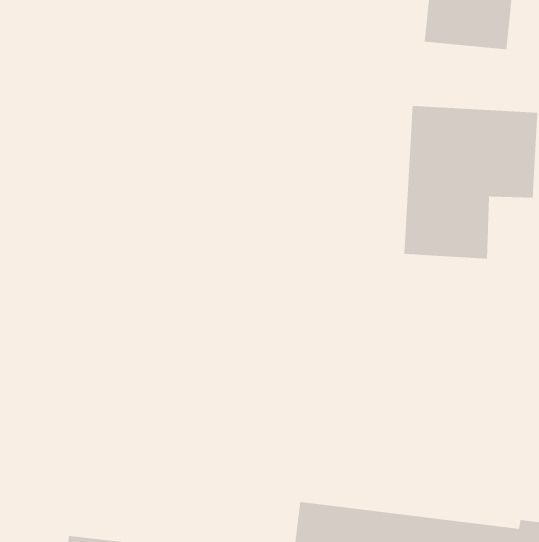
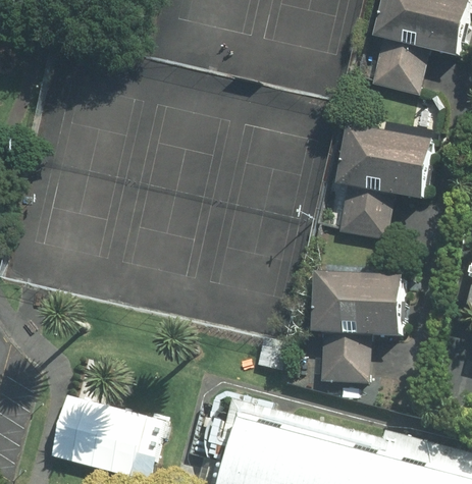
building: none -> [312,275,404,382]

